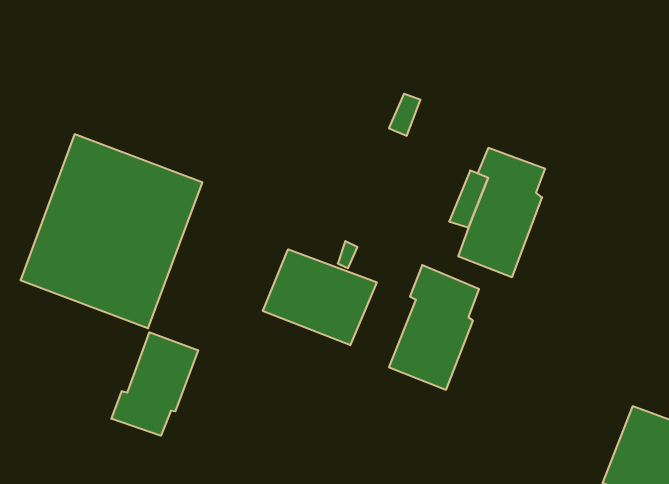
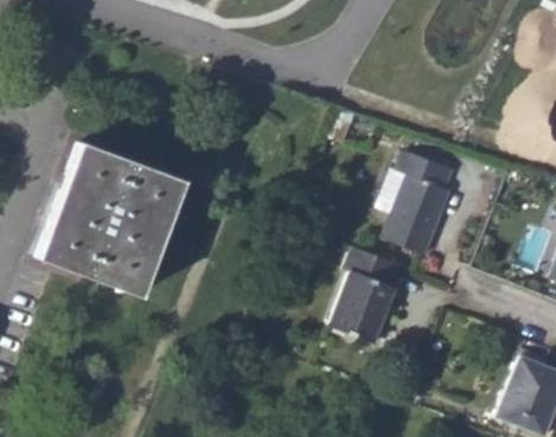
building: [263,249,377,345] -> none
building: [111,332,198,436] -> none

